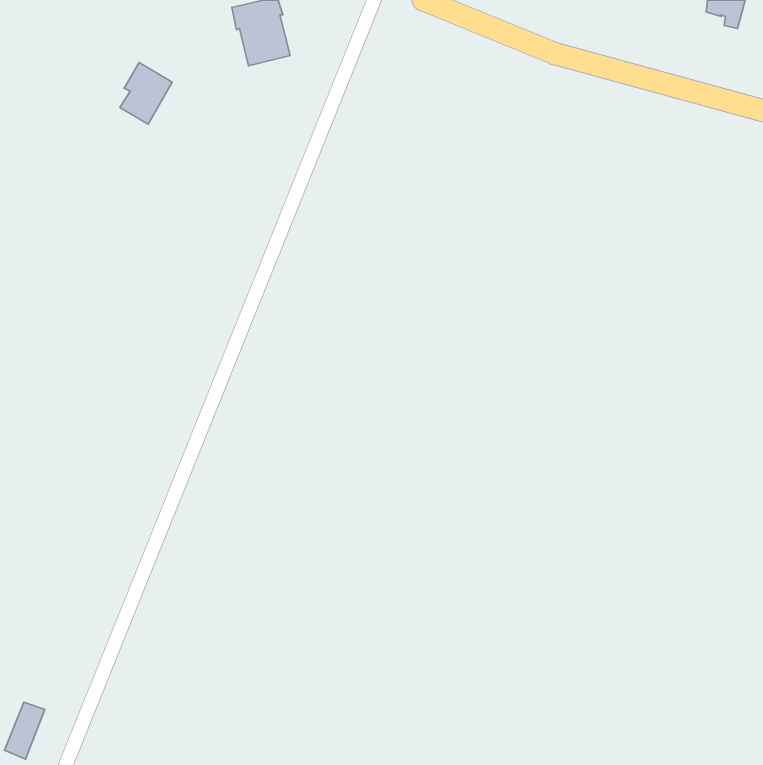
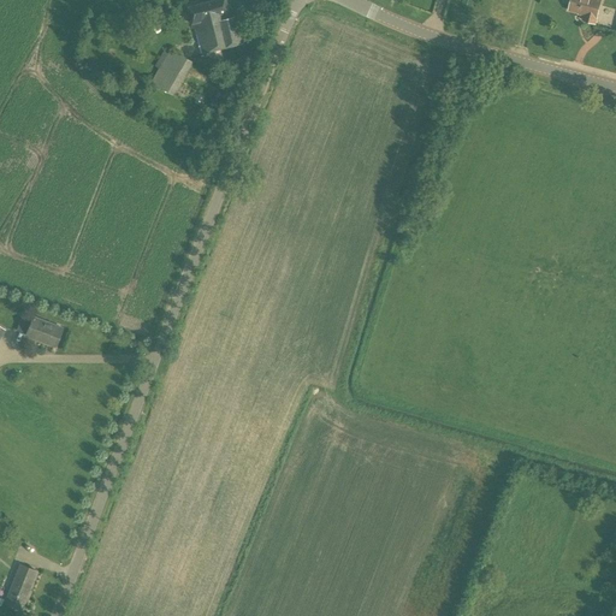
building: [120,63,172,124] -> [149,46,191,95]
building: none -> [24,316,61,346]

